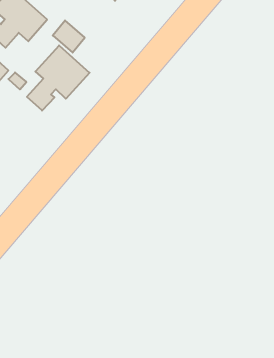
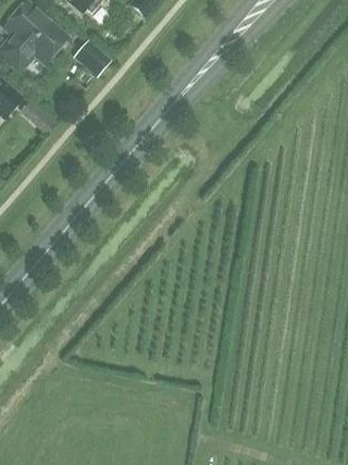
building: [27,45,90,111] -> none

